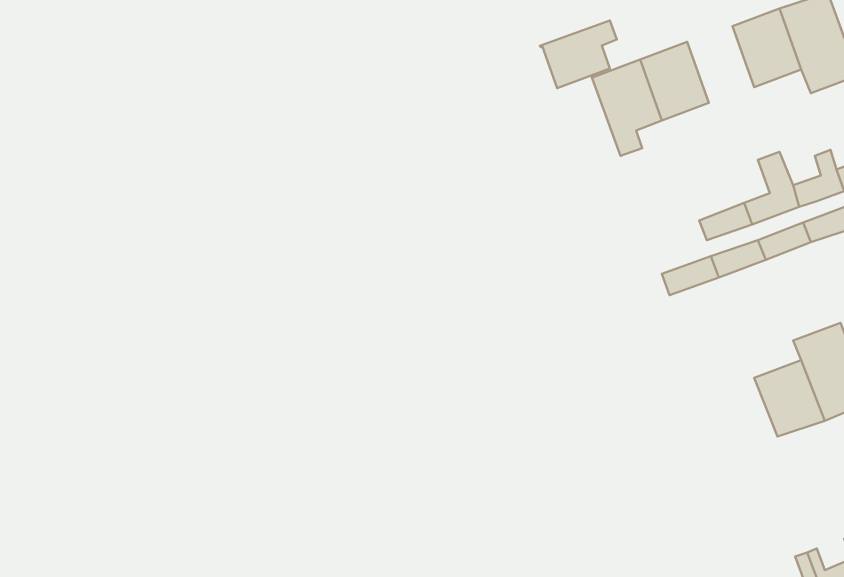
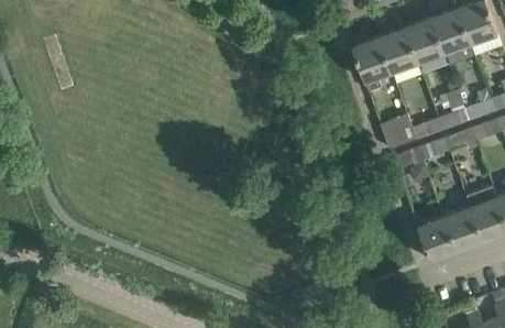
building: [540,20,617,88] -> none
building: none -> [406,18,443,61]
building: none -> [380,112,417,147]
building: none -> [417,215,457,260]

